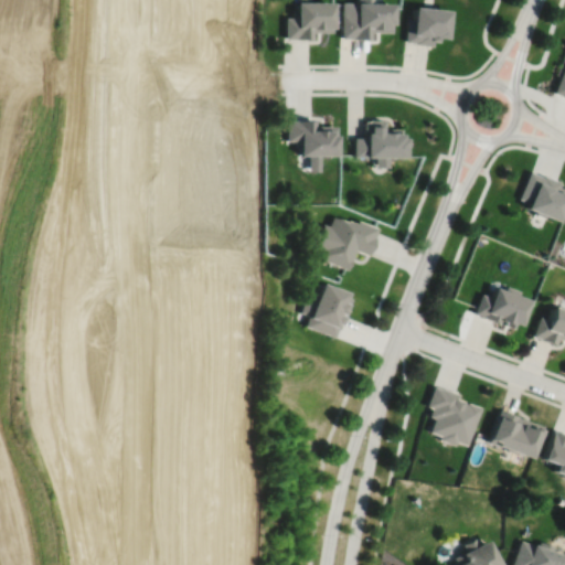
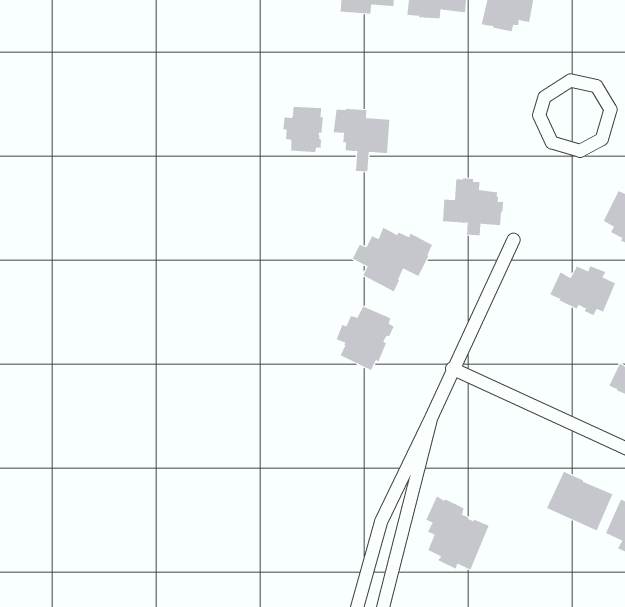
building: [359,120,409,168] -> [442,178,504,236]
building: none -> [283,106,323,153]
building: [478,288,533,330] -> [549,266,616,316]
building: [430,387,484,448] -> [426,496,490,570]

